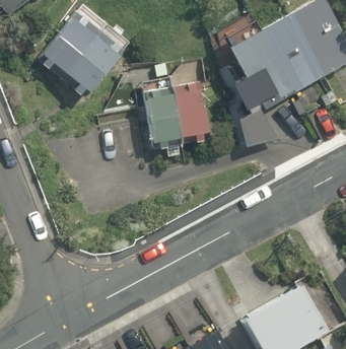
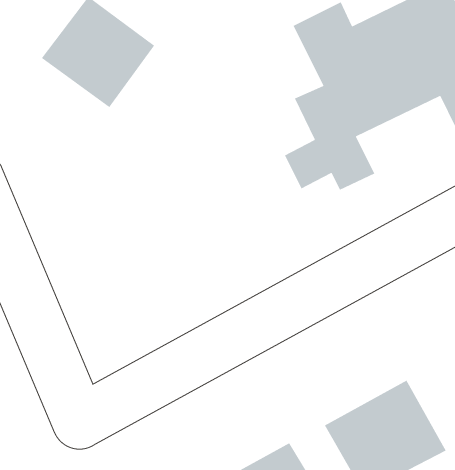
building: [143,80,213,144] -> none

